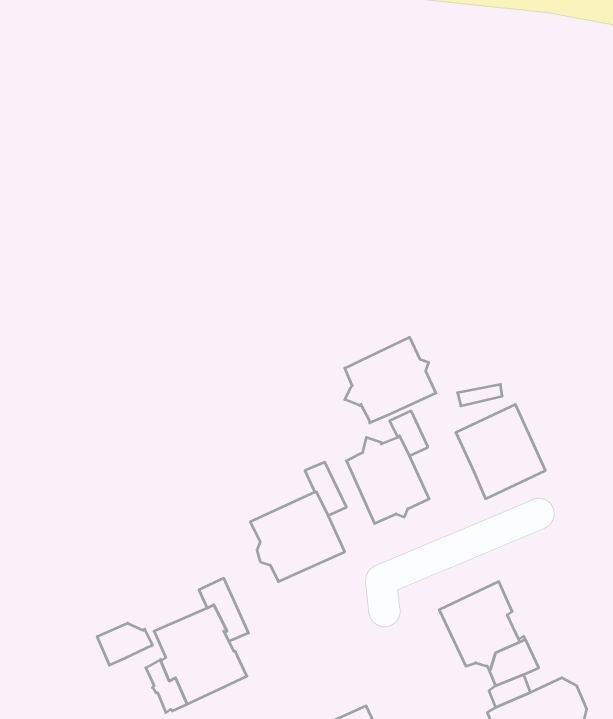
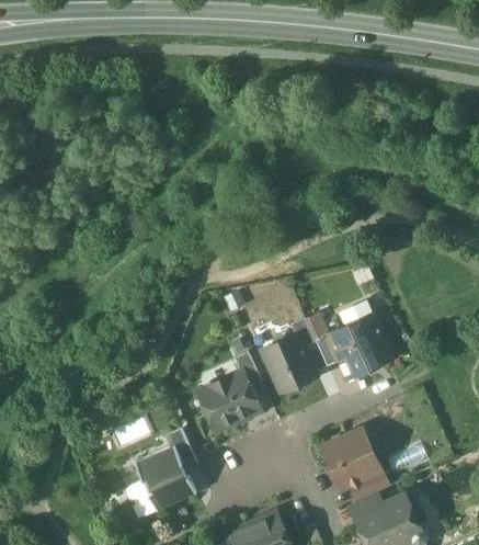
building: [345,337,436,423] -> none
building: none -> [316,331,346,366]
building: [97,623,152,665] -> none

